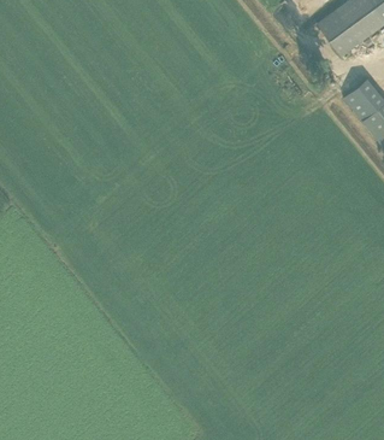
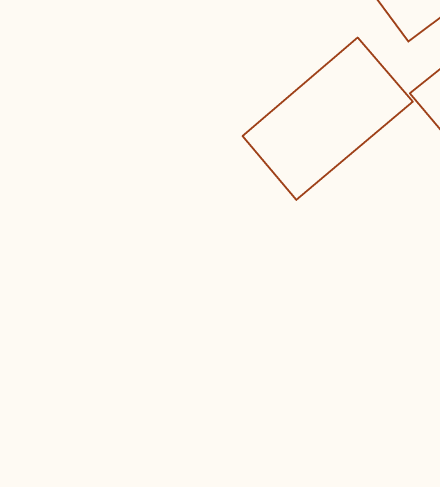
building: none -> [243,38,413,200]

